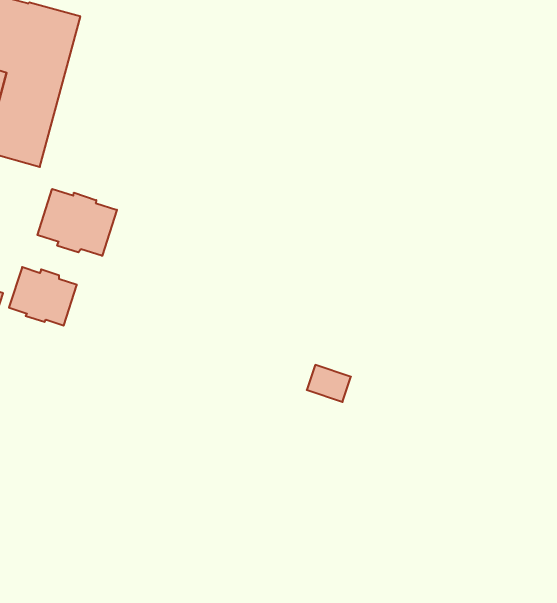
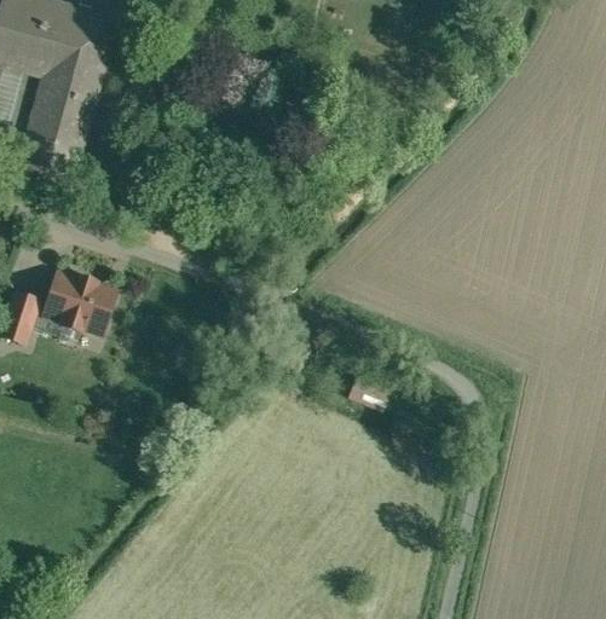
building: [37,189,117,256] -> none

